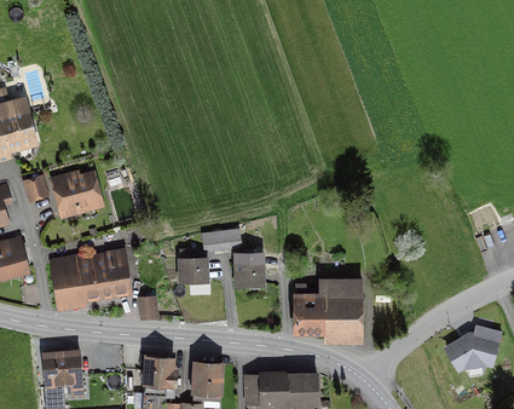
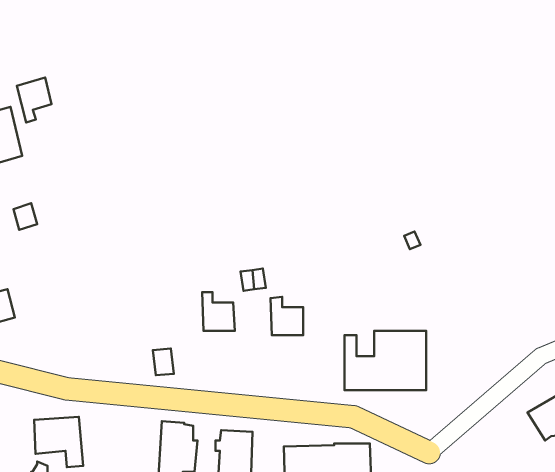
building: none -> [17,77,52,122]
building: [57,173,99,209] -> none
building: [51,250,129,299] -> none

